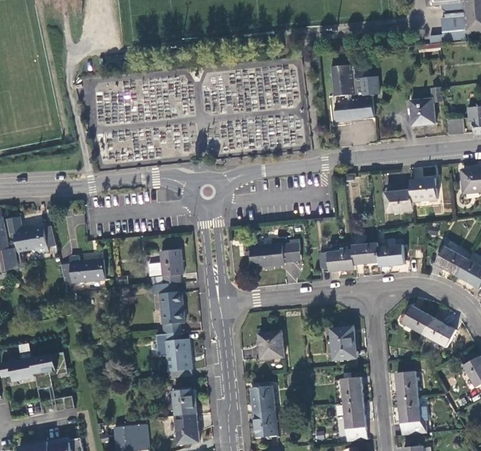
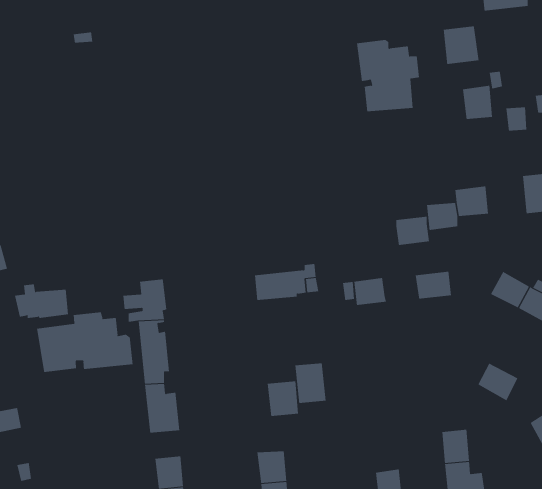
building: none -> [443,25,479,65]
building: [350,242,377,265] -> [396,216,430,245]
building: none -> [36,311,133,373]
building: [403,305,433,334] -> none
building: [332,326,357,358] -> [295,363,326,403]
building: [342,374,363,403] -> none

